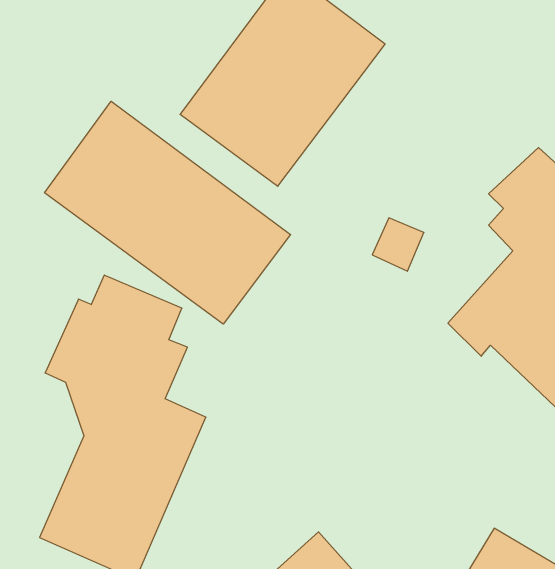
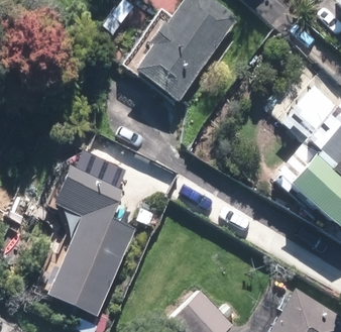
building: [45,101,291,324] -> none

